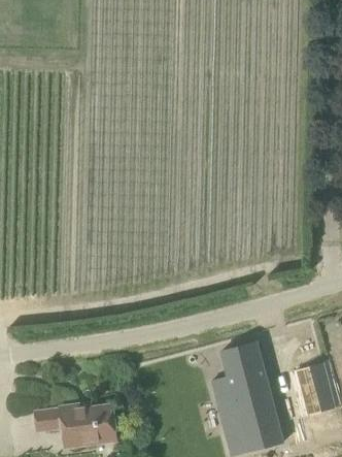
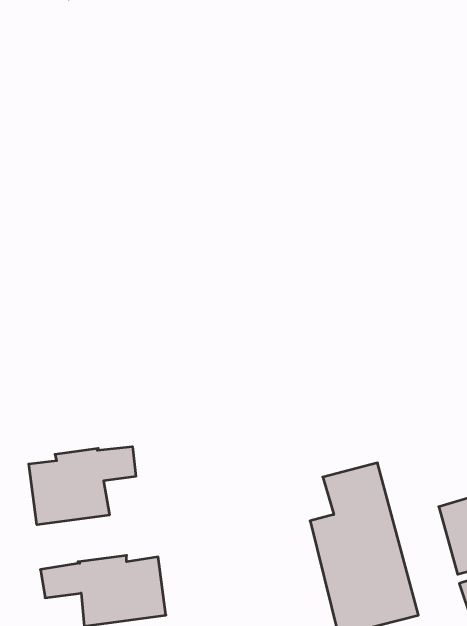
building: none -> [29,447,136,525]

